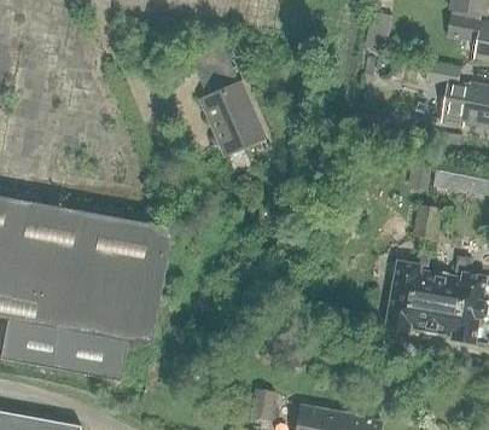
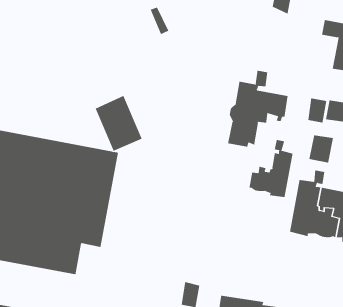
building: [203,83,262,153] -> [95,95,142,151]
building: none -> [227,70,288,147]
building: none -> [249,139,293,198]

